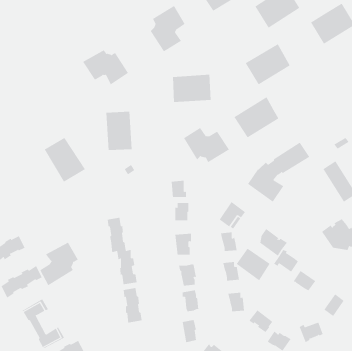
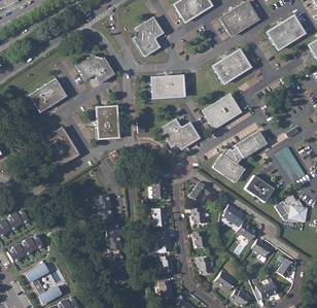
building: none -> [29,77,67,112]
building: [39,242,78,286] -> none
building: [236,248,270,281] -> [245,174,274,202]

